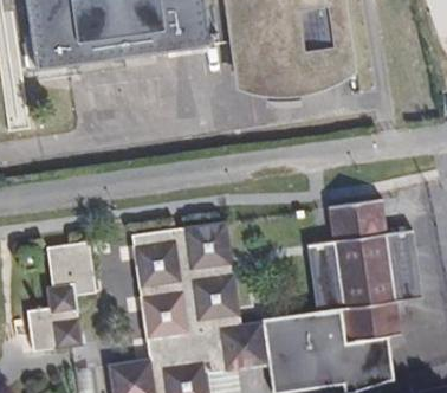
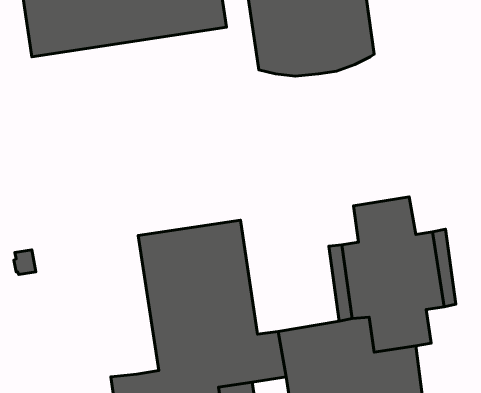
building: [27,241,95,350] -> none

